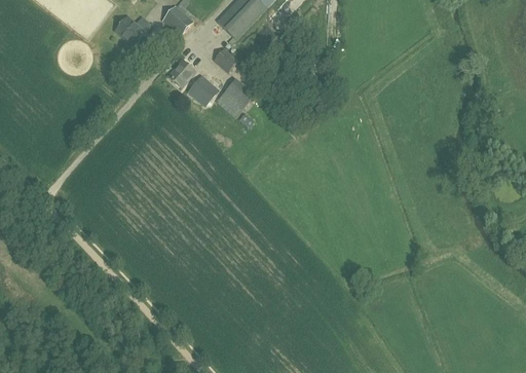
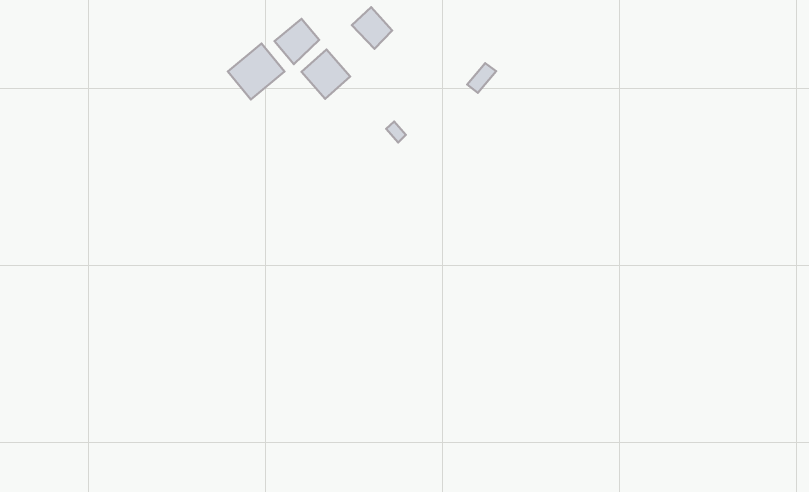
building: none -> [228,43,285,100]
building: [217,79,255,117] -> none

